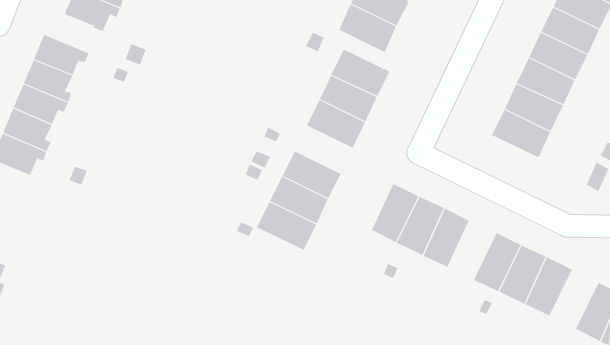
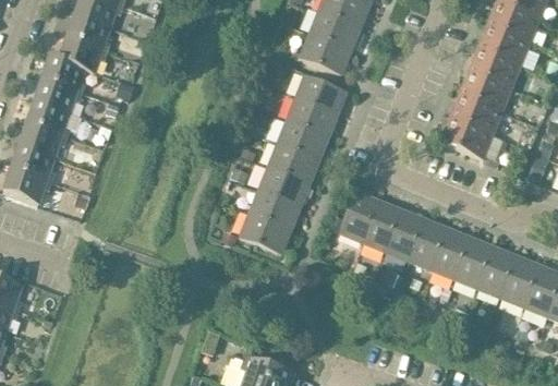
building: none -> [40,55,84,93]
building: none -> [268,144,319,184]
building: none -> [410,218,450,270]
building: none -> [502,255,543,307]

